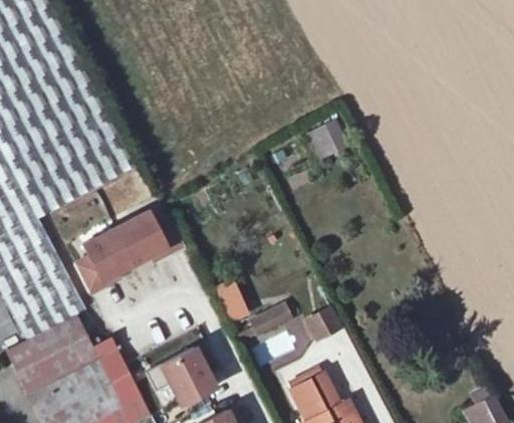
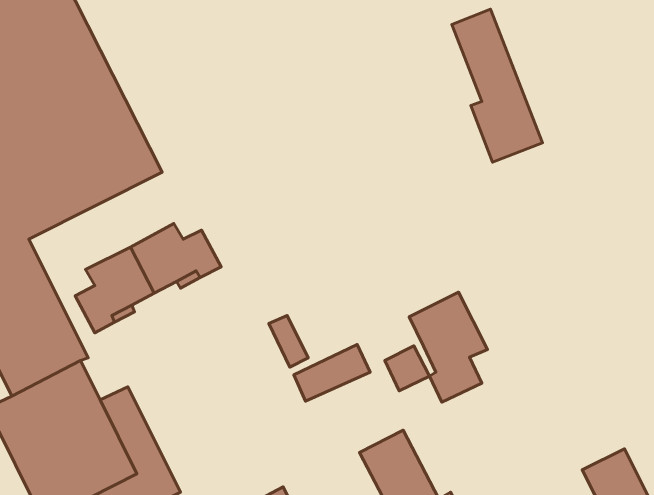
building: none -> [452,9,542,162]
building: [308,118,350,159] -> none
building: none -> [409,292,487,402]
building: [163,348,217,406] -> none

